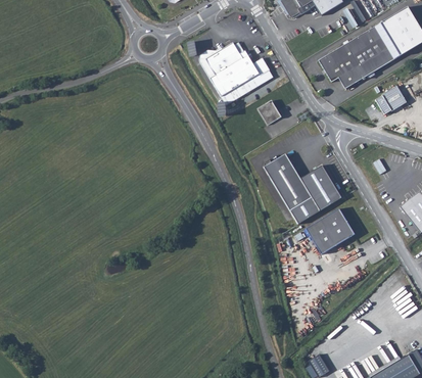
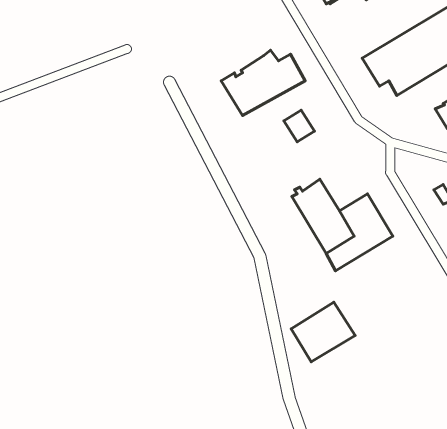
building: [198,42,242,78] -> none
building: [306,208,355,254] -> [291,302,355,362]

